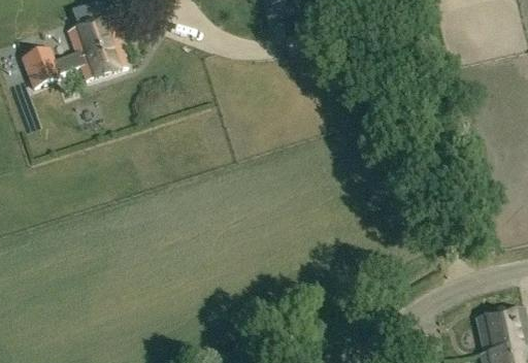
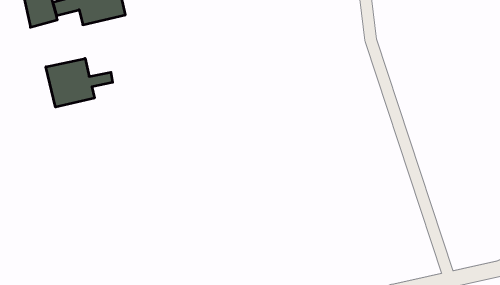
building: none -> [46,58,113,107]

